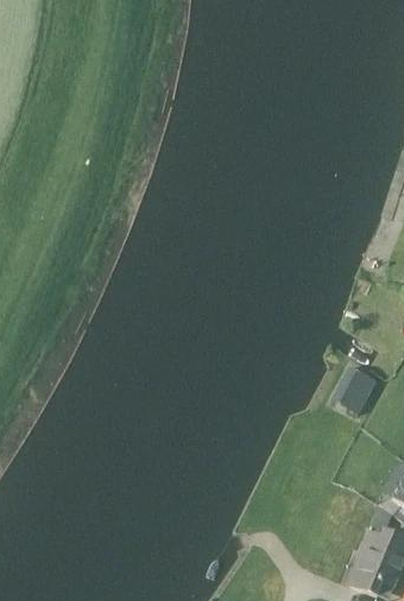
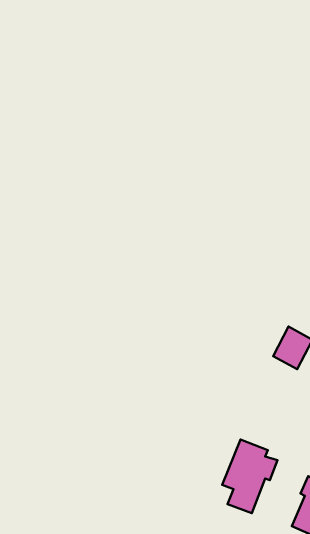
building: none -> [222,440,277,513]

